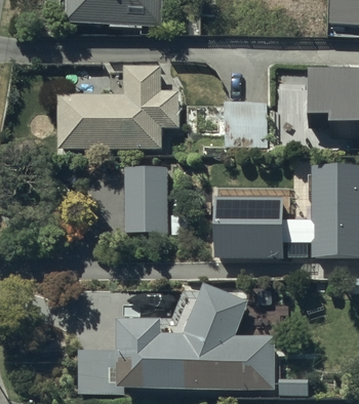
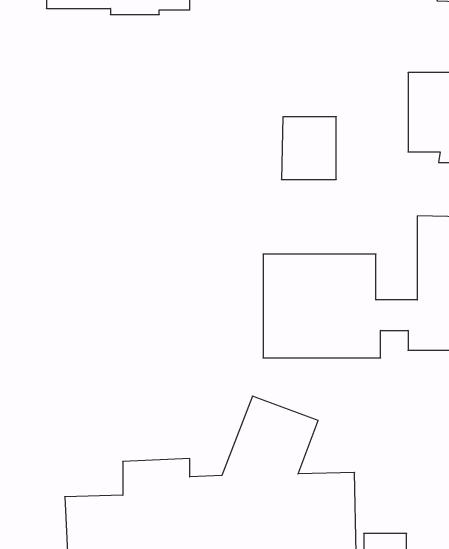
building: [57,64,180,148] -> none
building: [124,164,166,227] -> none

